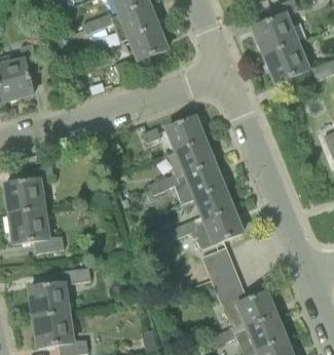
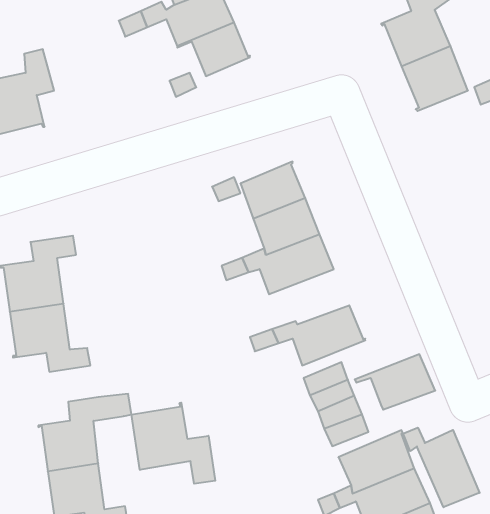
building: [180,186,232,222] -> [355,354,435,410]
building: none -> [131,403,215,484]
building: none -> [403,428,480,507]

